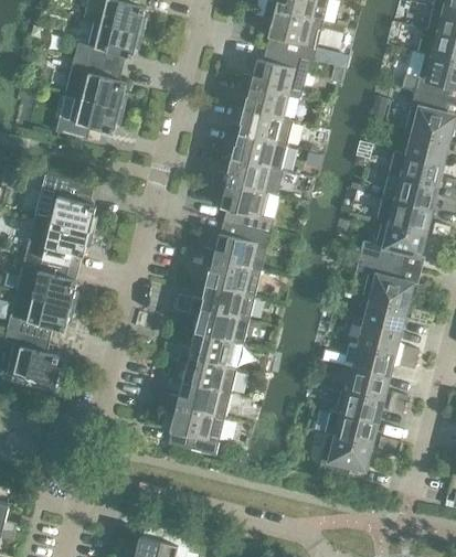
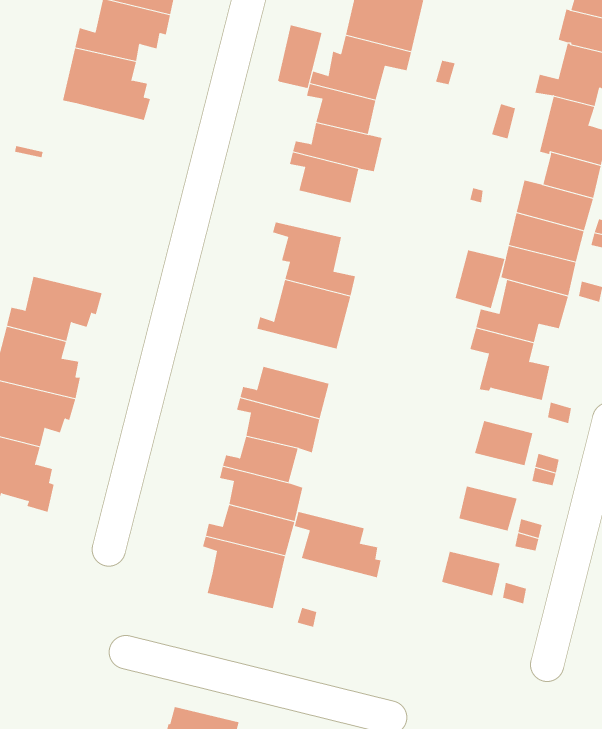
building: none -> [277,24,322,89]
building: [56,96,125,139] -> none
building: [218,158,272,191] -> none
building: [35,173,98,231] -> none
building: none -> [455,250,505,309]
building: [202,256,262,294] -> none
building: [365,298,407,330] -> none
building: [353,344,395,376] -> none
building: none -> [294,511,381,578]
building: [337,388,383,422] -> none
building: [318,433,372,480] -> none

